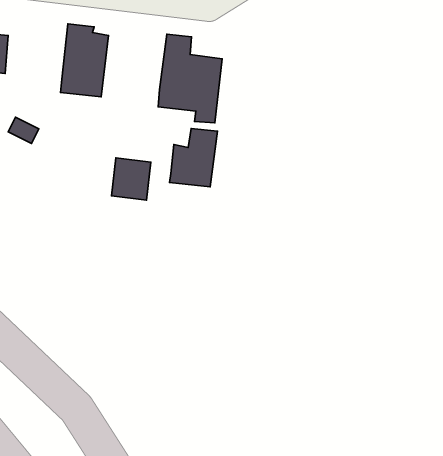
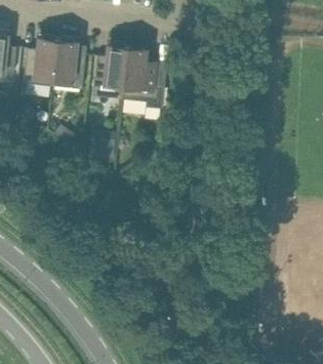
building: none -> [23,37,57,87]
building: [169,128,217,187] -> [93,44,127,85]

